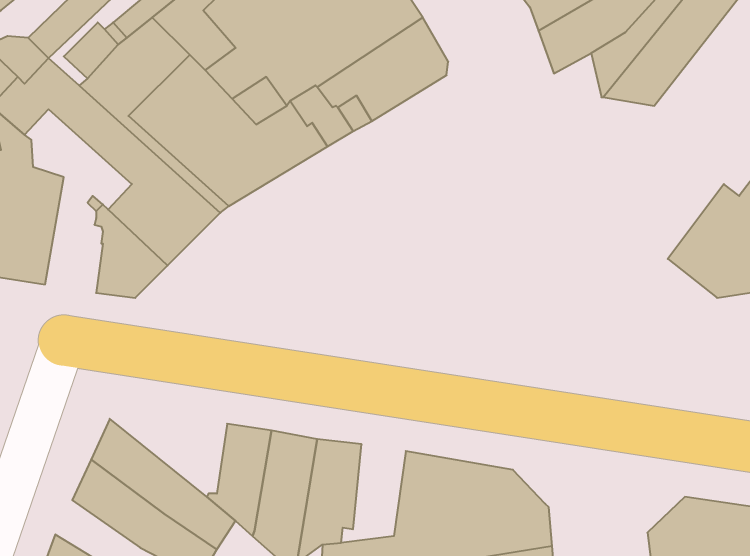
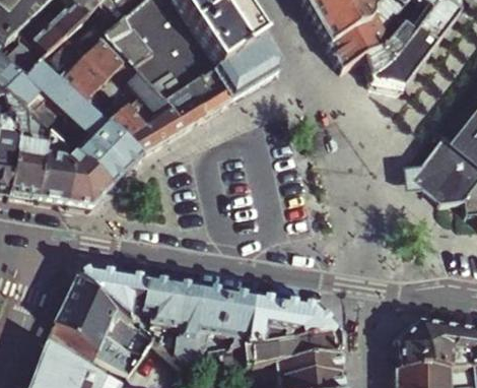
building: none -> [40,128,74,200]
building: none -> [78,270,148,322]
building: none -> [216,290,255,349]

